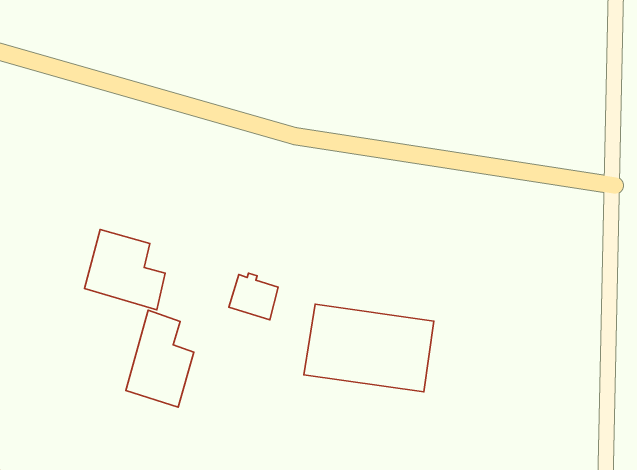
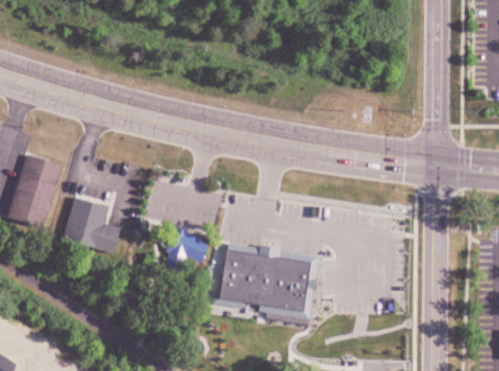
building: none -> [8,153,63,228]
building: [126,310,194,407] -> none

